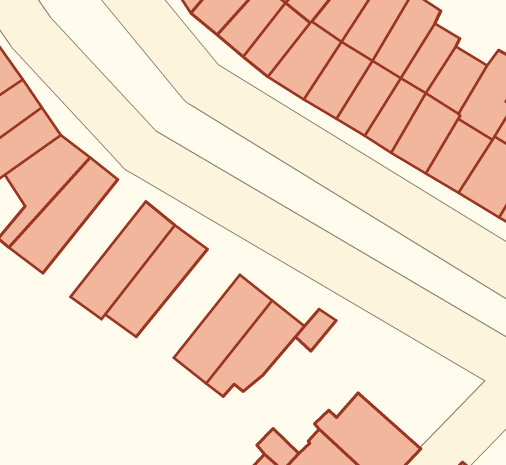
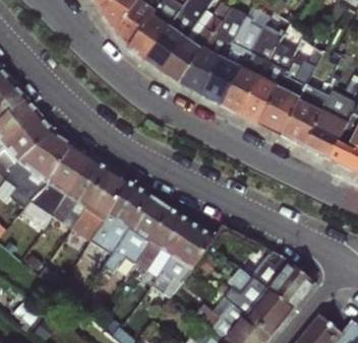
building: none -> [50,156,110,231]
building: none -> [103,195,172,272]
building: none -> [252,251,315,307]

